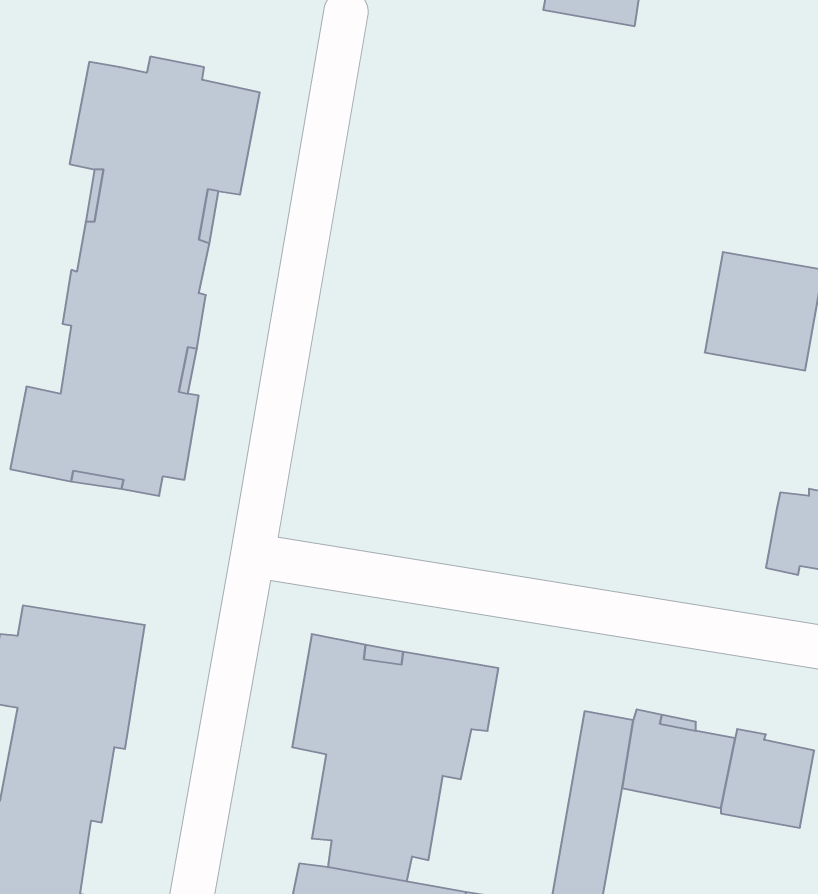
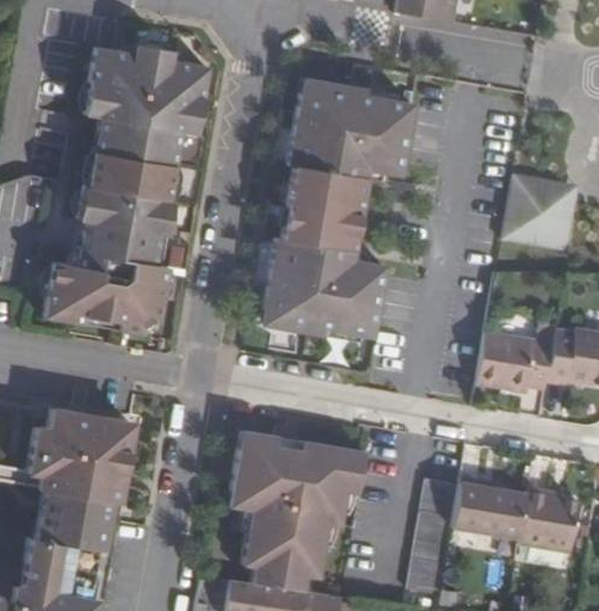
building: none -> [261,78,412,337]
building: none -> [475,333,551,394]

